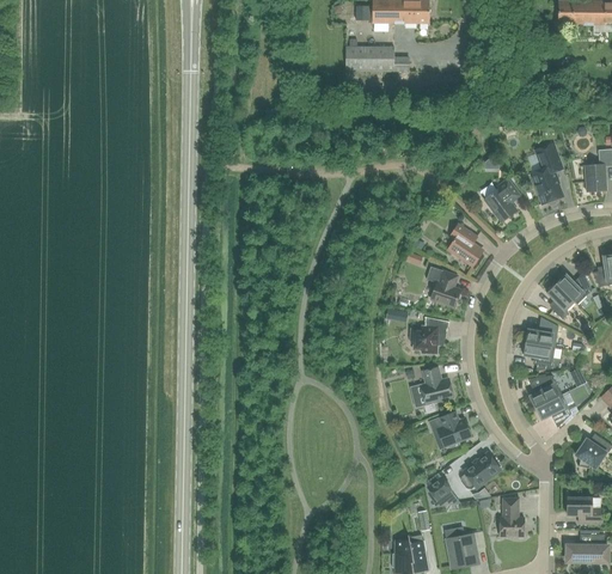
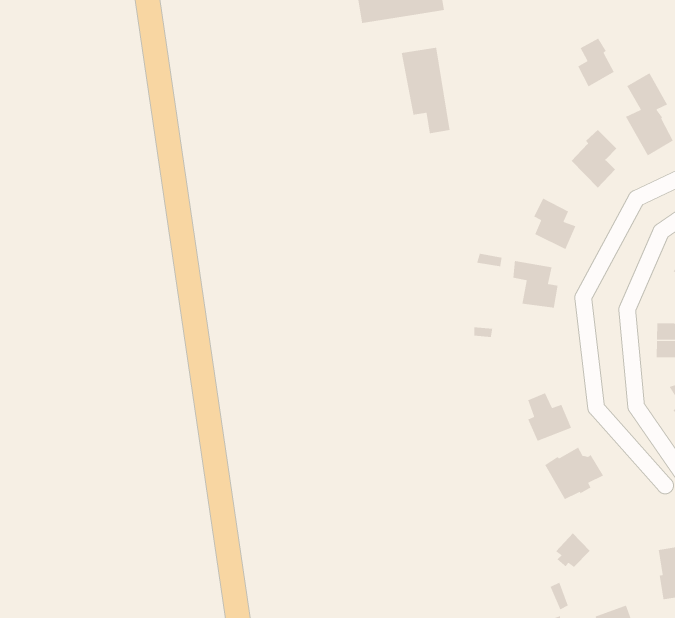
building: none -> [401,47,450,134]
building: none -> [577,37,615,88]
building: [410,317,448,353] -> none
building: [461,452,501,488] -> none

